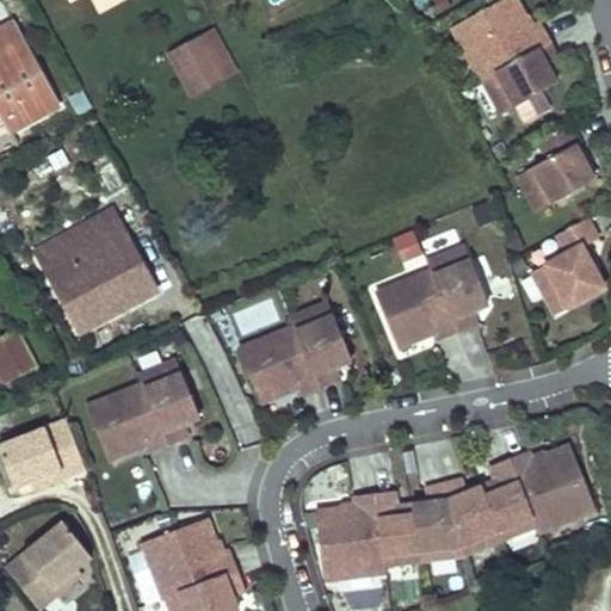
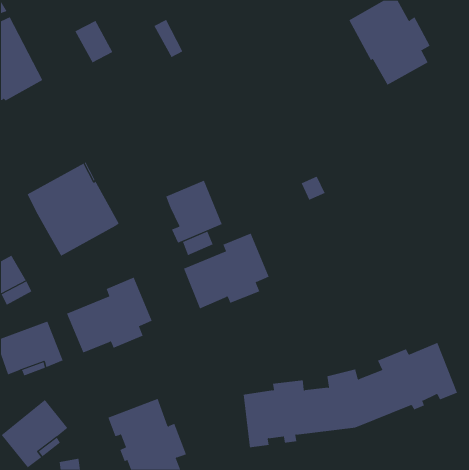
building: [173,33,223,90] -> [75,20,113,63]
building: [531,125,594,204] -> none
building: [532,220,603,314] -> none
building: none -> [165,180,223,243]
building: [376,246,488,345] -> none

